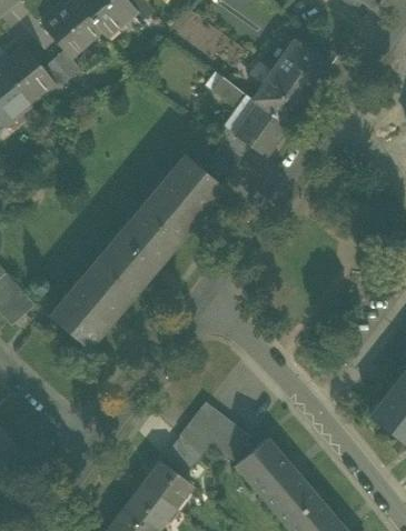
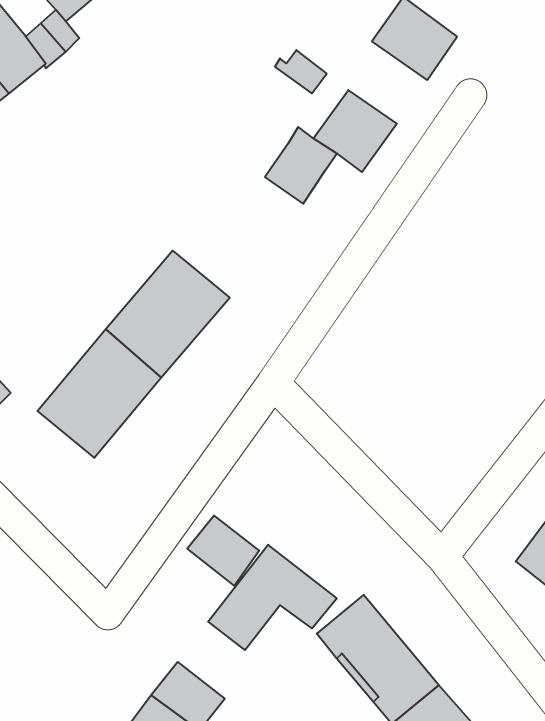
building: [254,71,310,126] -> none
building: [141,157,224,241] -> none
building: [145,461,192,508] -> [187,516,259,586]

